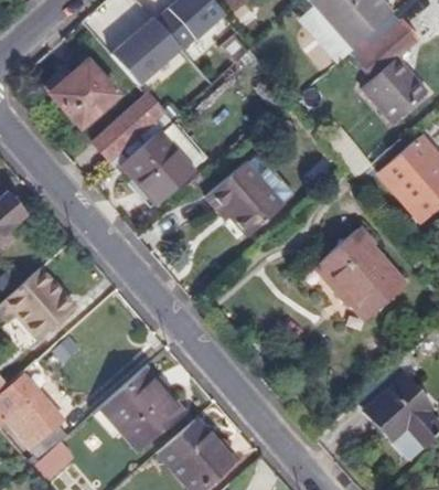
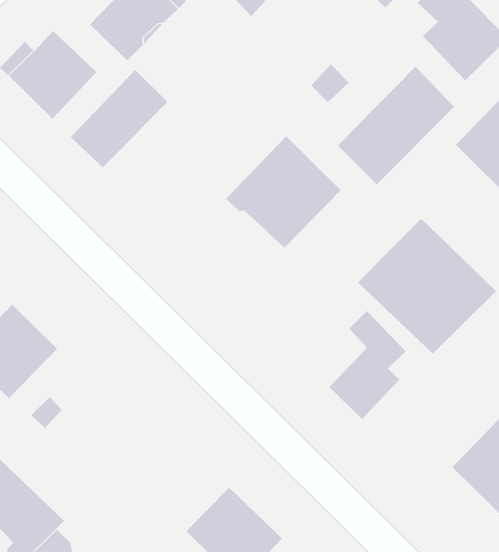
building: none -> [337,66,455,185]
building: [126,120,204,202] -> none
building: none -> [328,310,407,420]
building: [101,364,179,441] -> none

